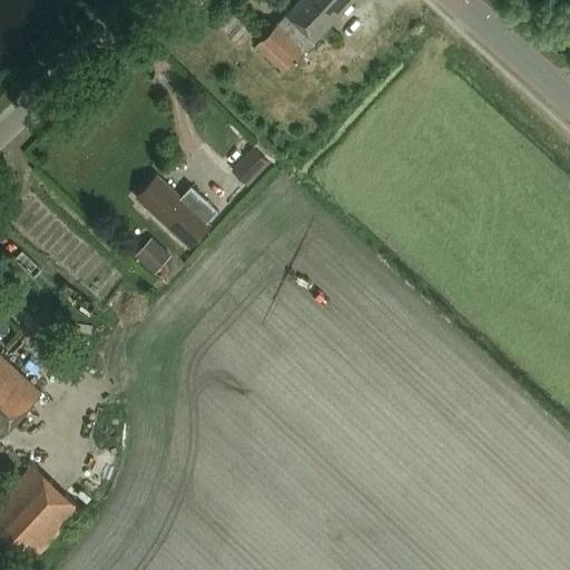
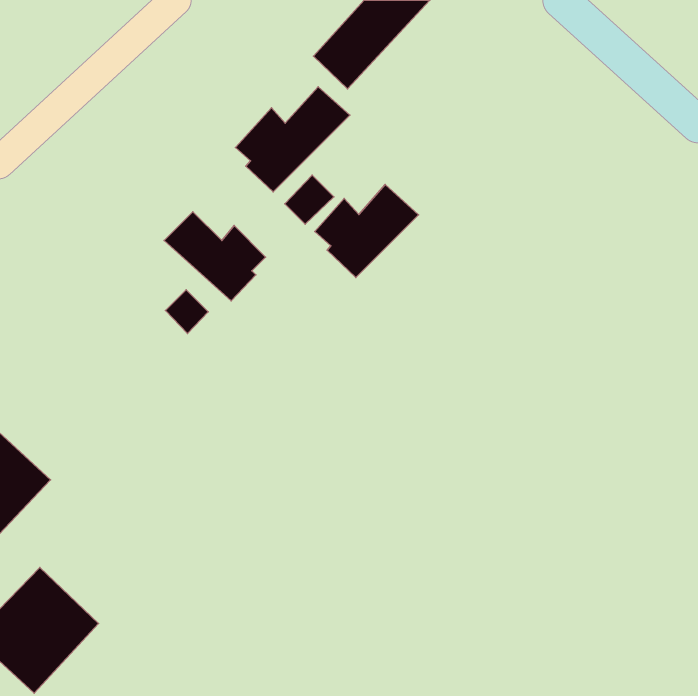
building: none -> [235,87,350,192]
building: none -> [315,185,419,278]

